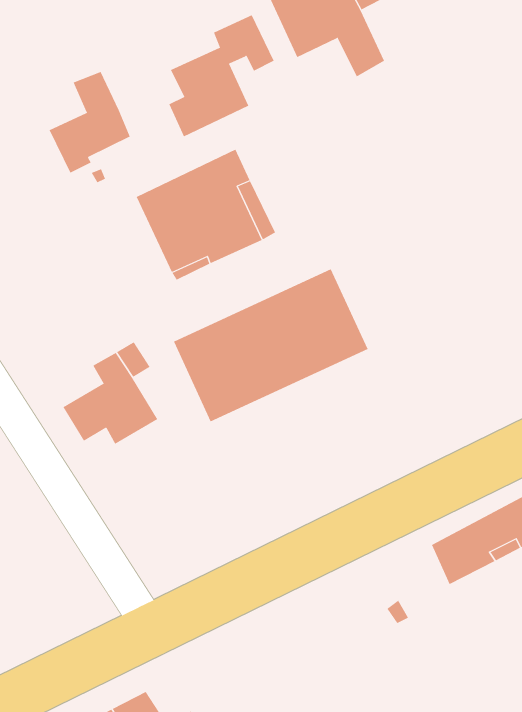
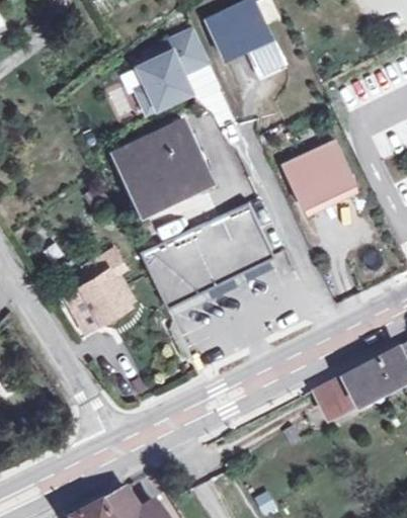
building: [49,71,131,174] -> none
building: none -> [286,145,351,206]

